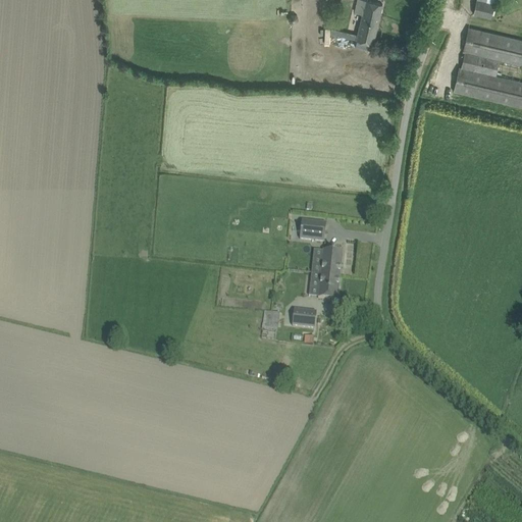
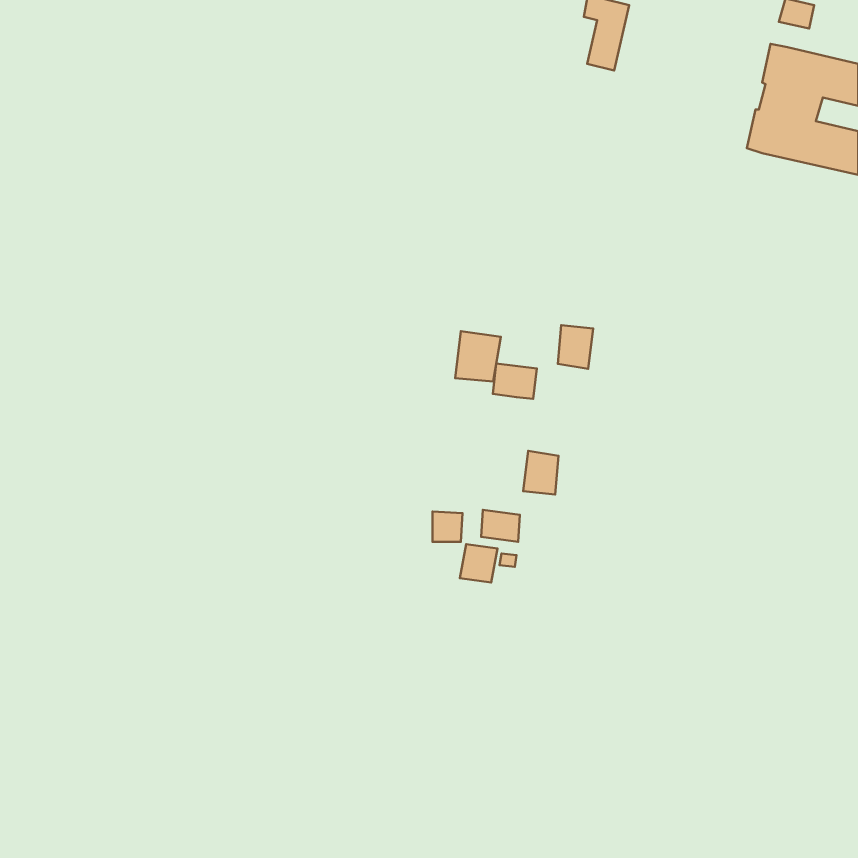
building: none -> [455,331,501,381]
building: [320,250,342,276] -> [558,325,593,369]
building: none -> [460,544,497,582]

